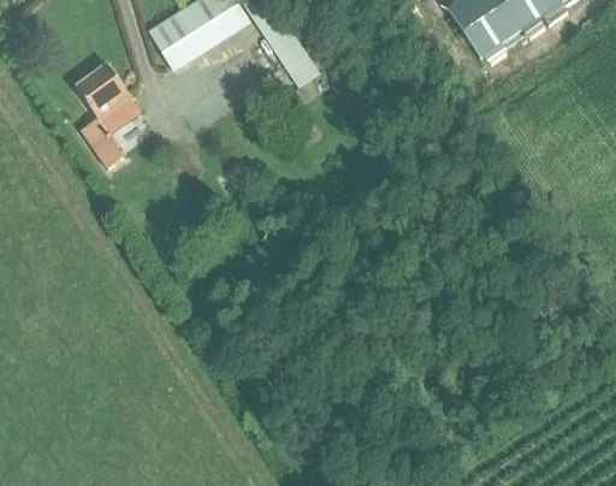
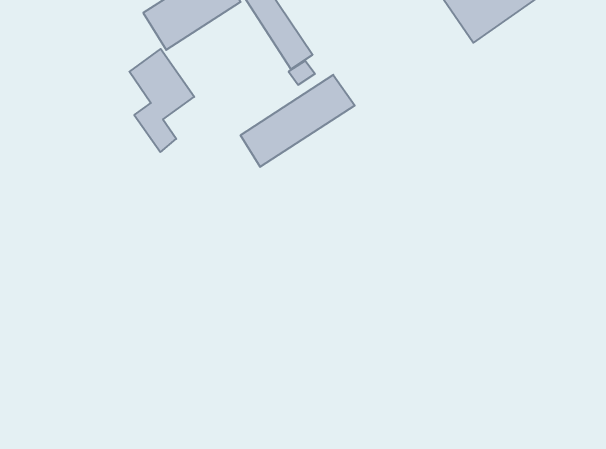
building: [77,66,142,170] -> [129,49,194,152]
building: none -> [241,75,355,167]

